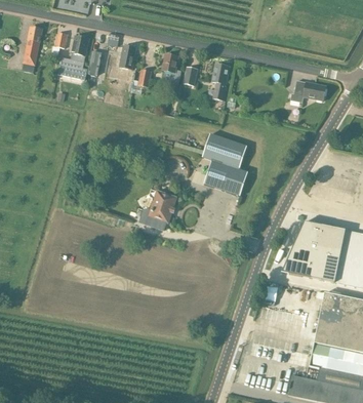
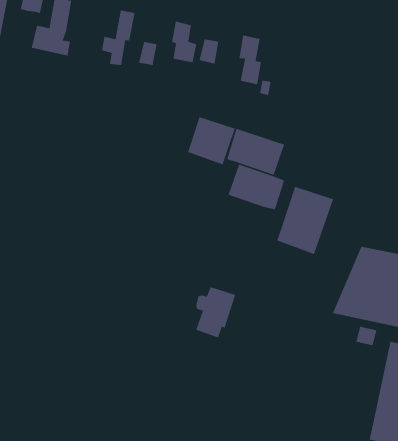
building: [290,80,326,103] -> none
building: none -> [187,116,236,165]
building: none -> [276,186,334,255]
building: [146,191,176,230] -> [195,286,236,339]

